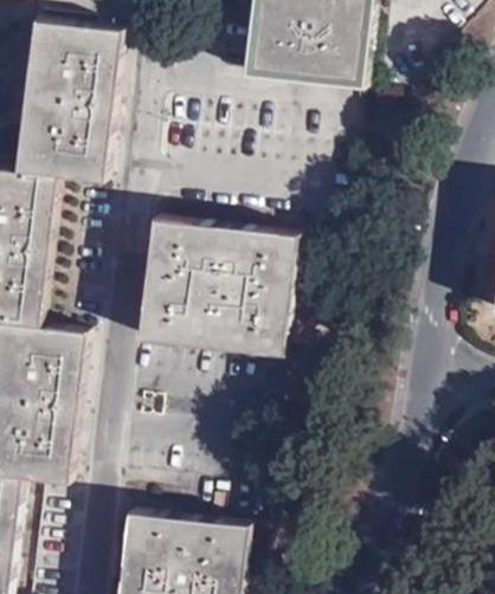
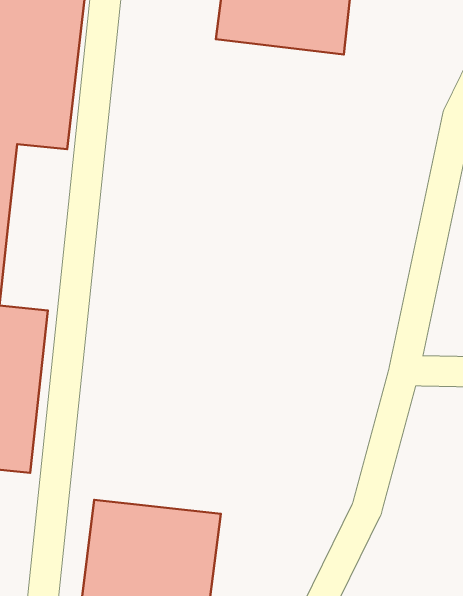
building: [136,213,298,355] -> none

